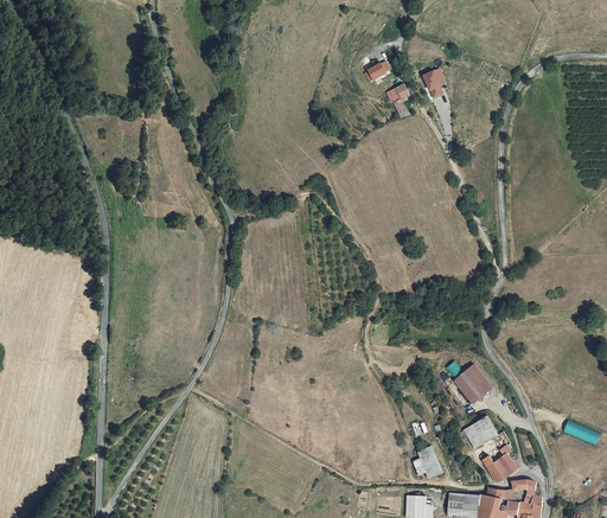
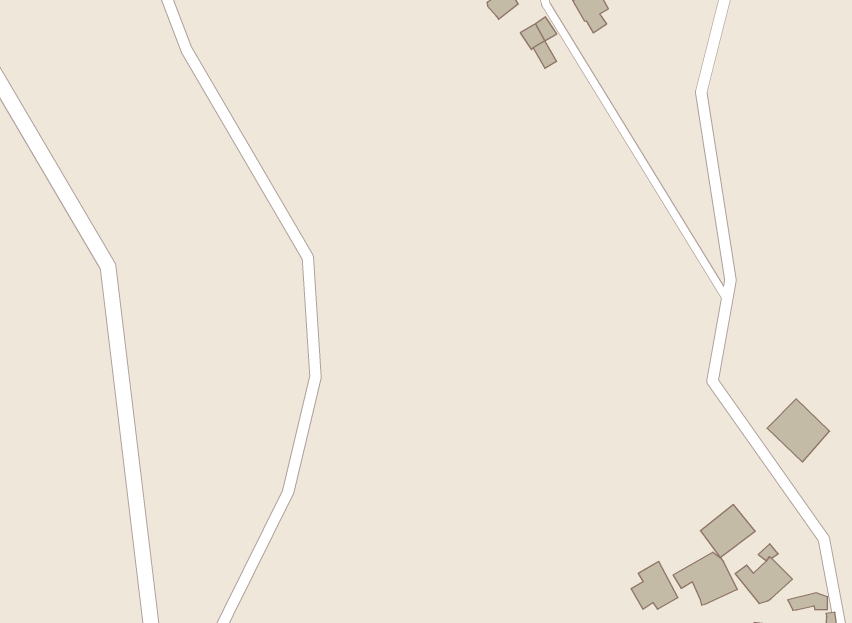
building: [452,364,492,405] -> [767,399,830,462]
building: none -> [673,552,737,605]

